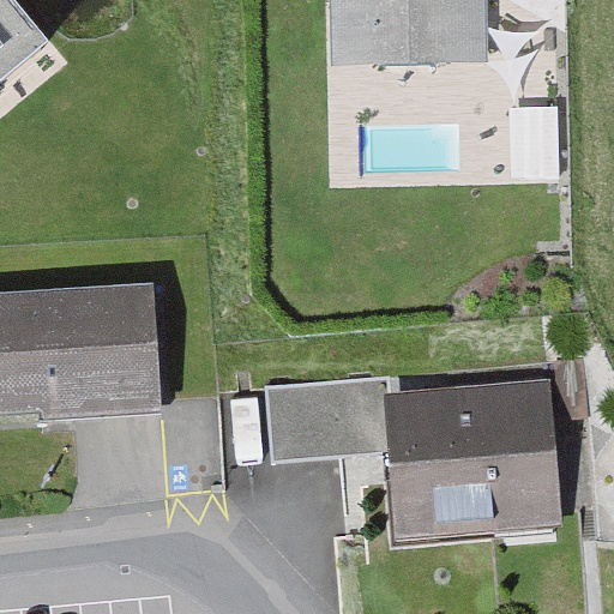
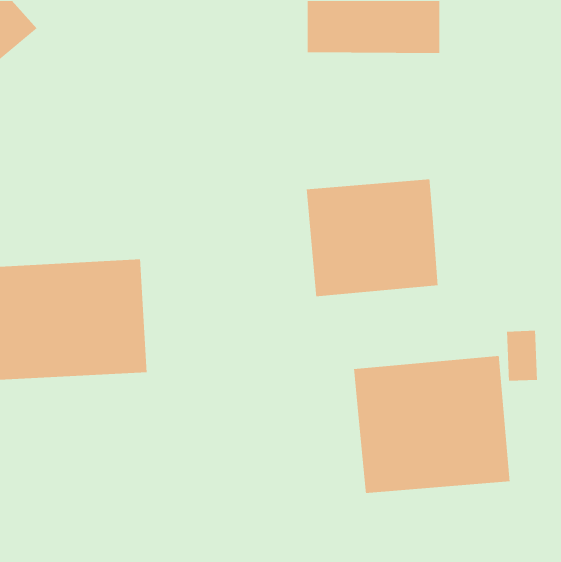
building: none -> [306,178,439,297]
building: [269,379,390,463] -> none

